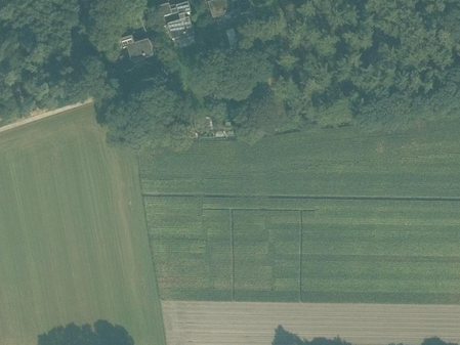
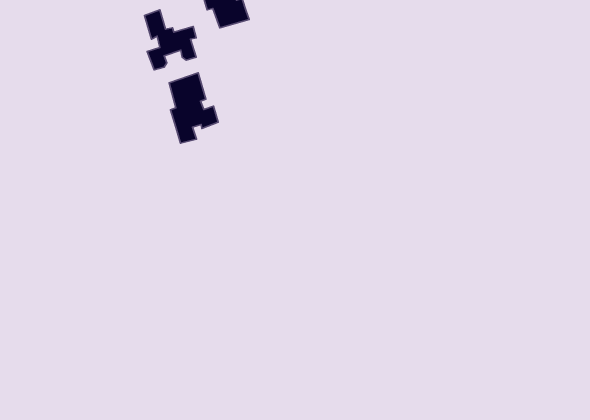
building: none -> [169,73,218,143]

